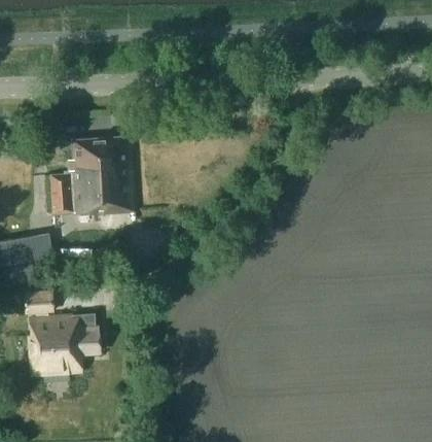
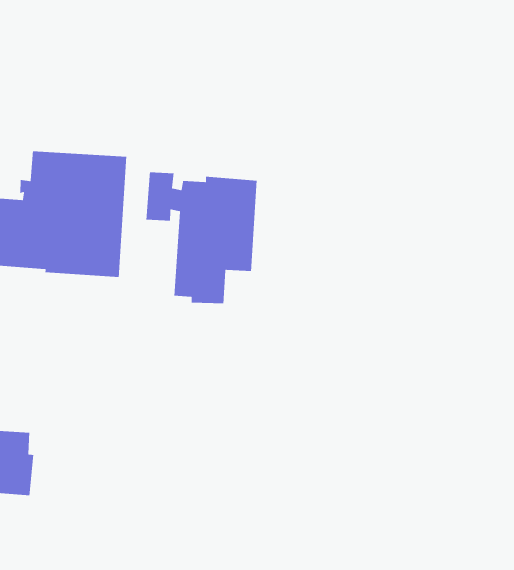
building: none -> [145,172,258,304]

